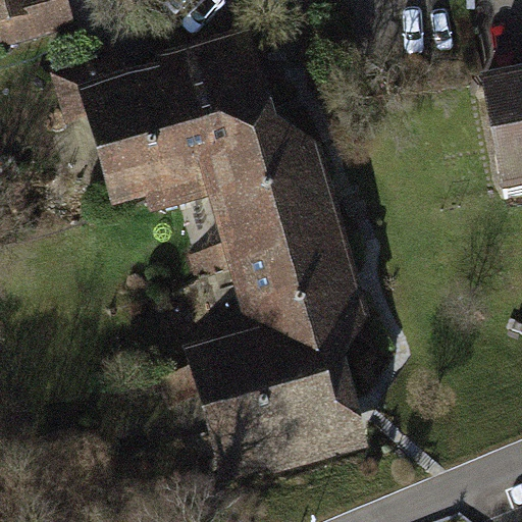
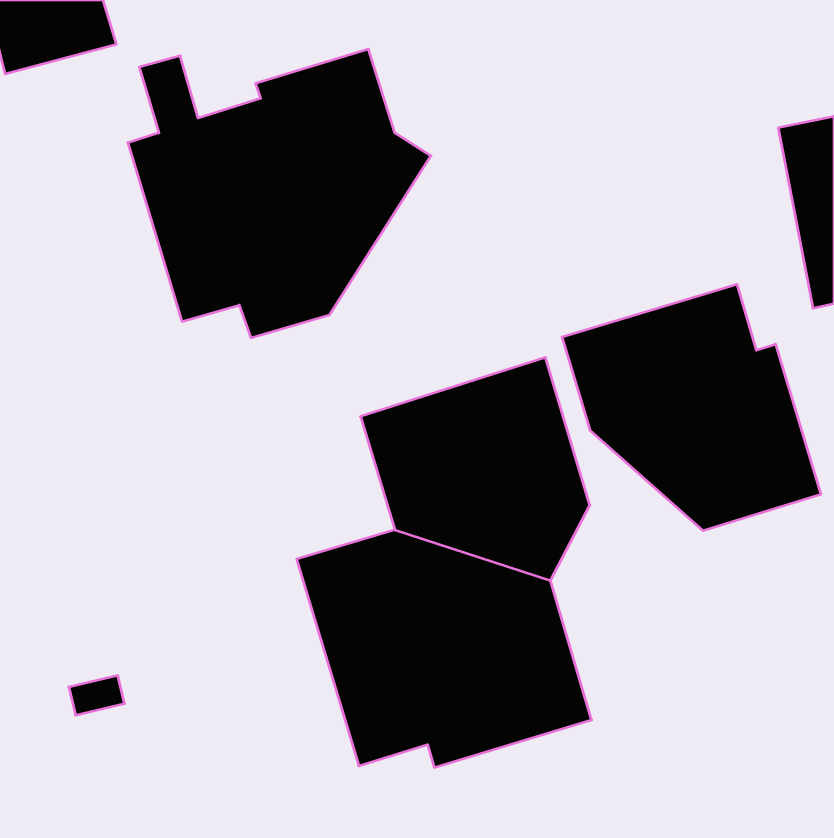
building: [205,97,340,259] -> none
building: none -> [562,284,821,531]

